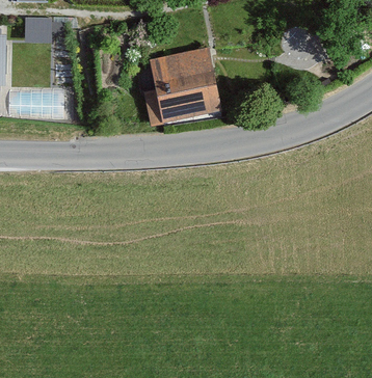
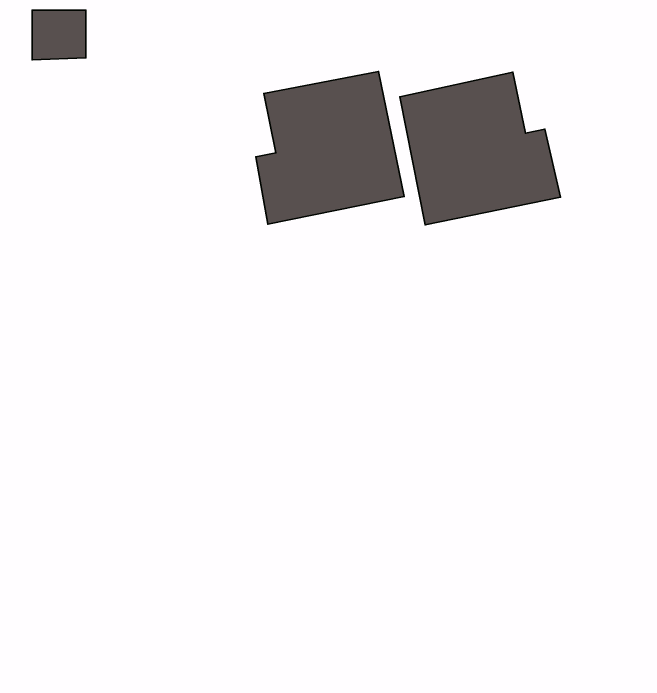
building: none -> [400,72,561,225]

